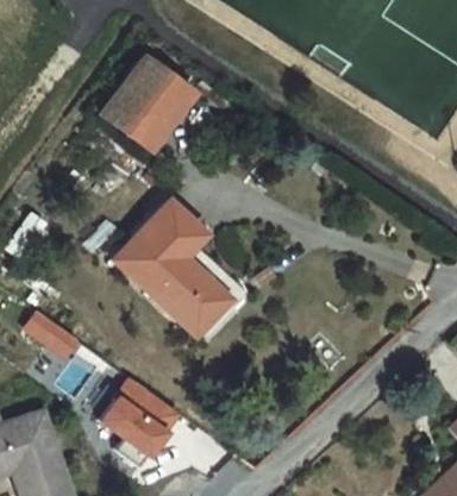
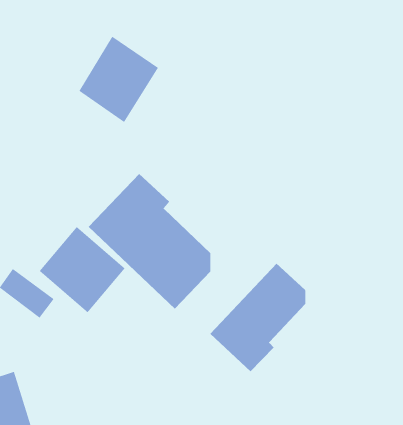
building: none -> [210,263,306,372]
building: [89,369,180,459] -> [39,226,126,313]

